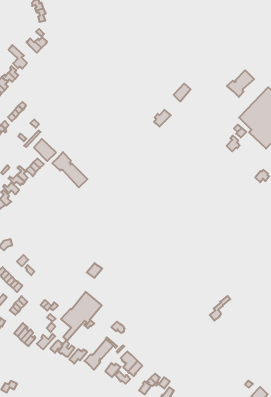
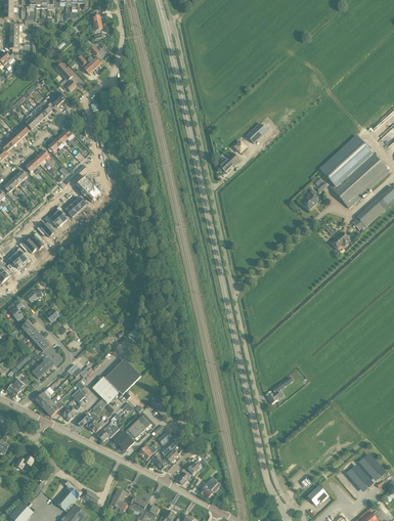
building: [227,70,254,97] -> none
building: [52,152,87,187] -> none

